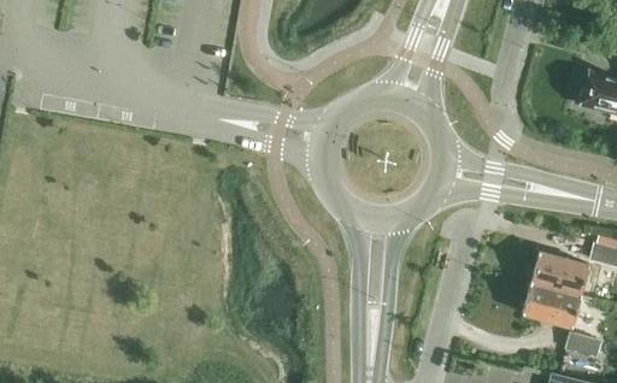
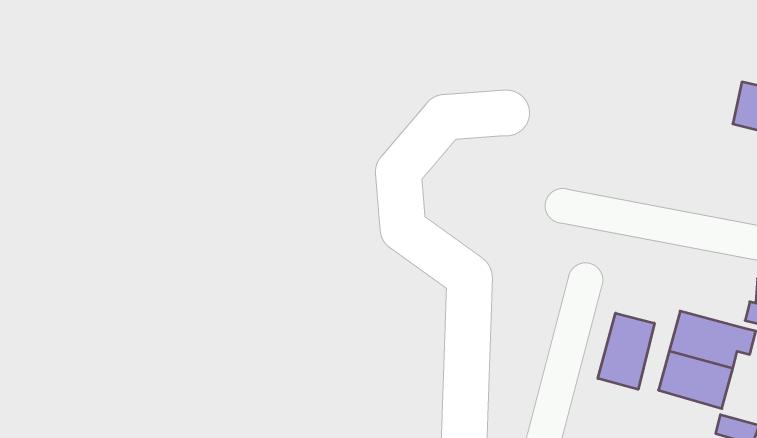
building: none -> [598,313,654,389]

